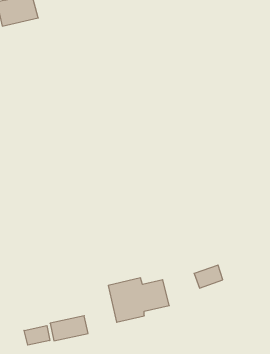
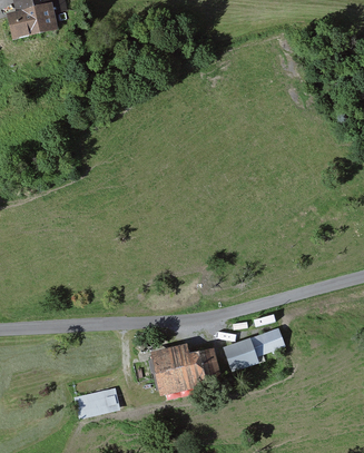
building: none -> [223,337,257,370]
building: [24,326,50,345] -> none

